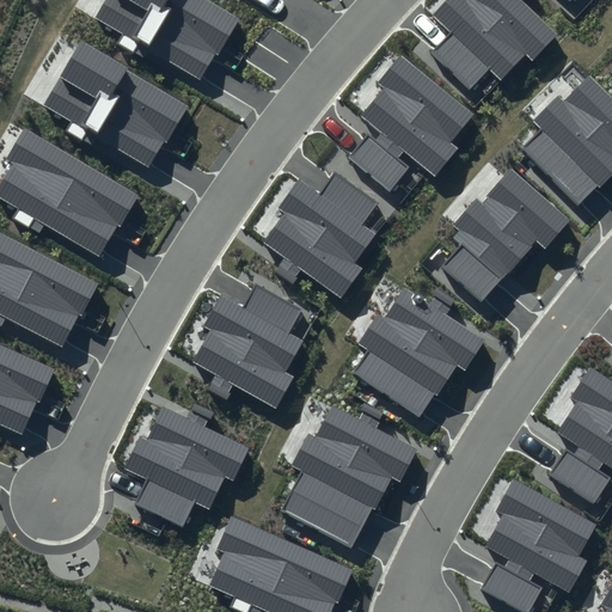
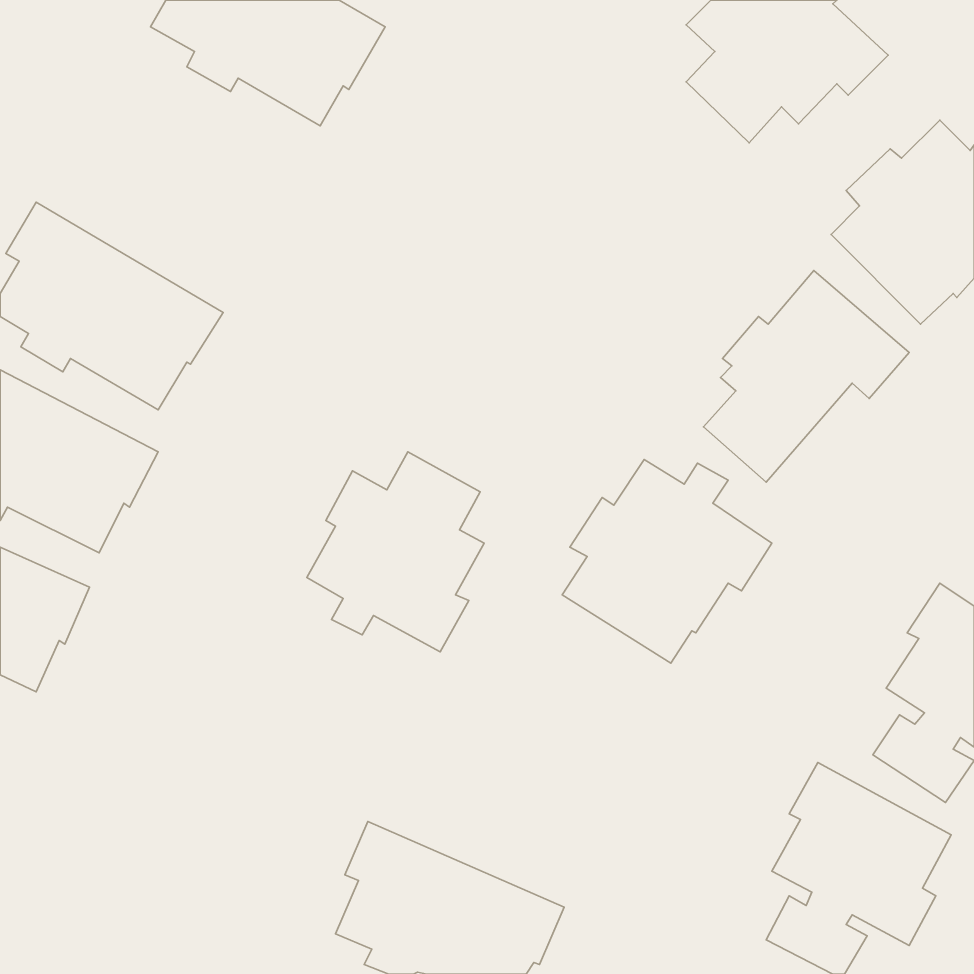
building: [43,41,190,167] -> none
building: [348,54,475,191] -> none
building: [264,171,378,298] -> none
building: [126,404,250,526] -> none
building: [282,404,418,545] -> none

